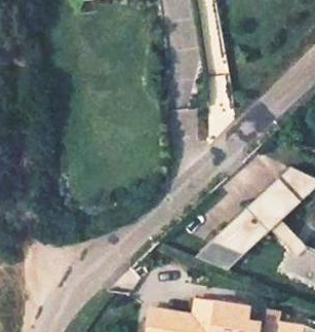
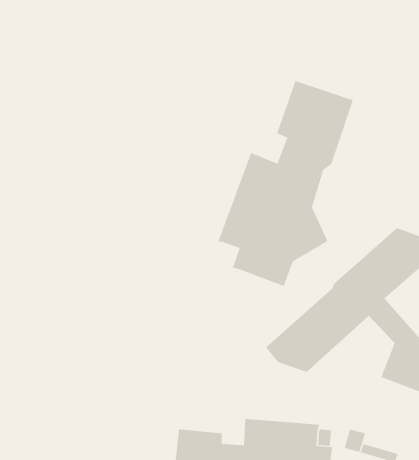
building: none -> [218,80,354,287]

